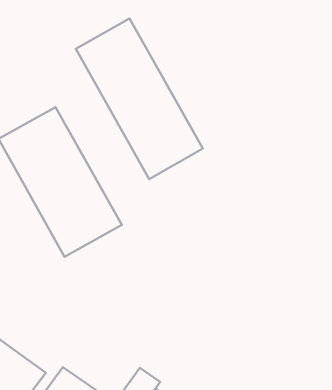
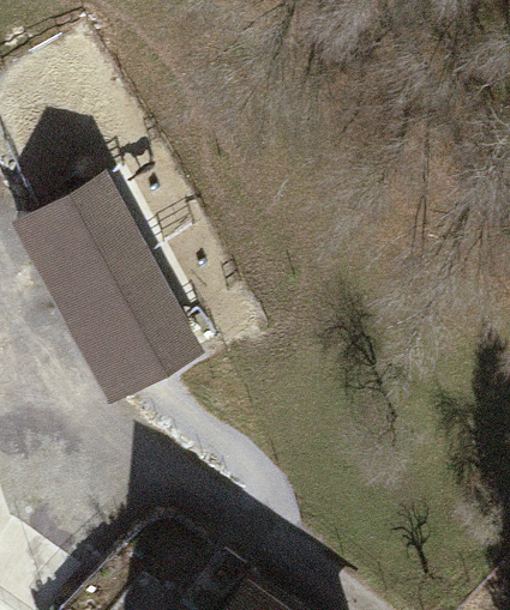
building: [76,18,203,179] -> none

